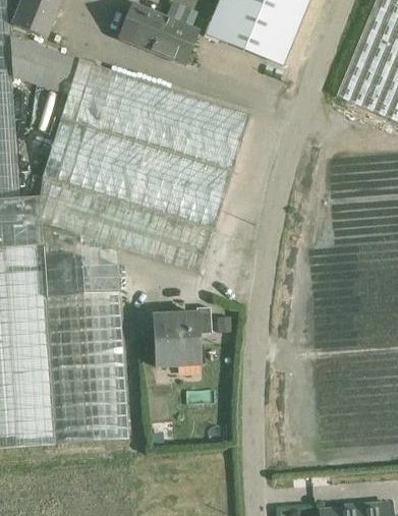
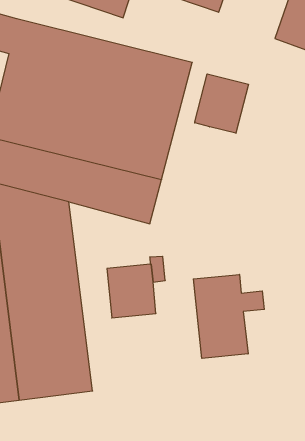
building: none -> [195,74,248,133]
building: none -> [193,274,264,358]

